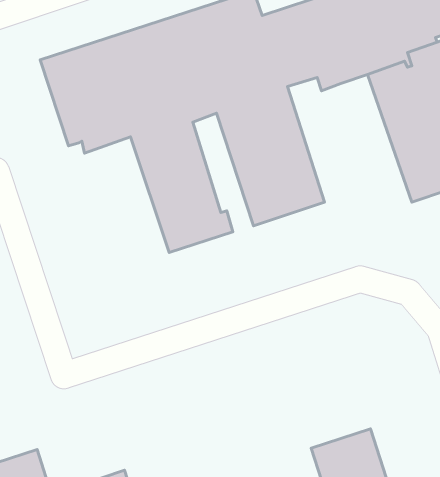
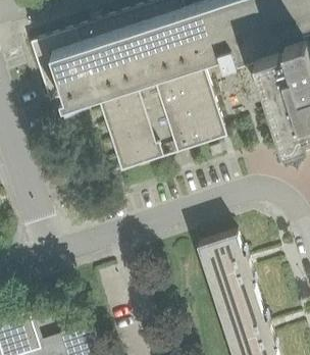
building: none -> [196,232,258,310]

